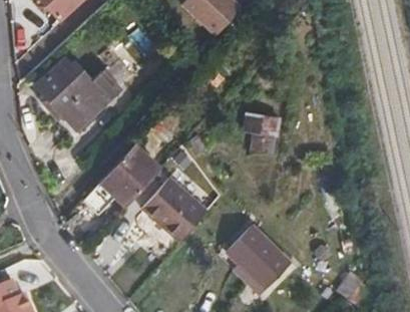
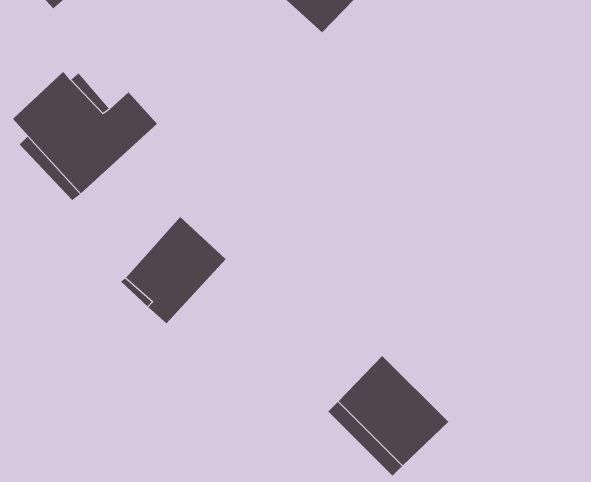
building: [245,112,278,153] -> none
building: [140,176,208,242] -> none

